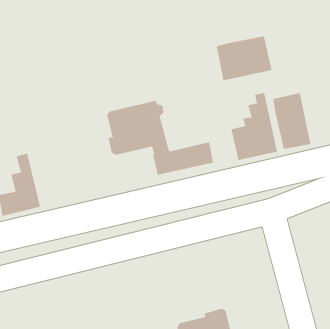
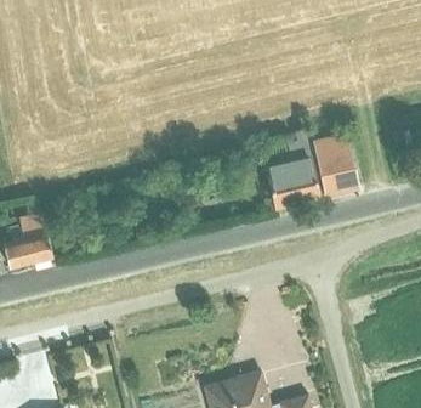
building: [216,35,272,81] -> none
building: [106,100,214,176] -> none

